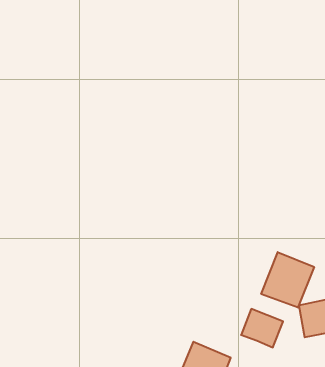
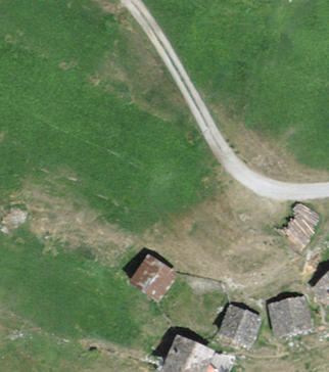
building: none -> [133,255,175,297]
building: [261,252,314,308] -> none

